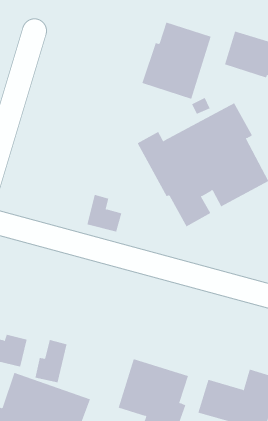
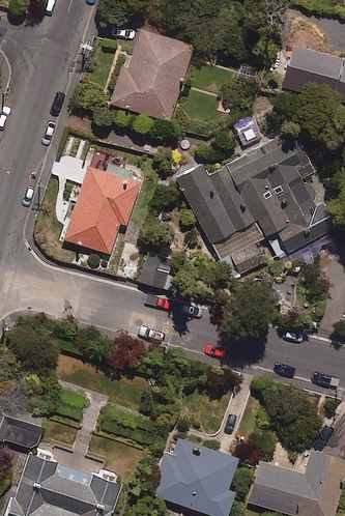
building: [141,22,212,100] -> [110,28,194,121]
building: none -> [65,149,140,254]
building: [35,339,67,383] -> none

